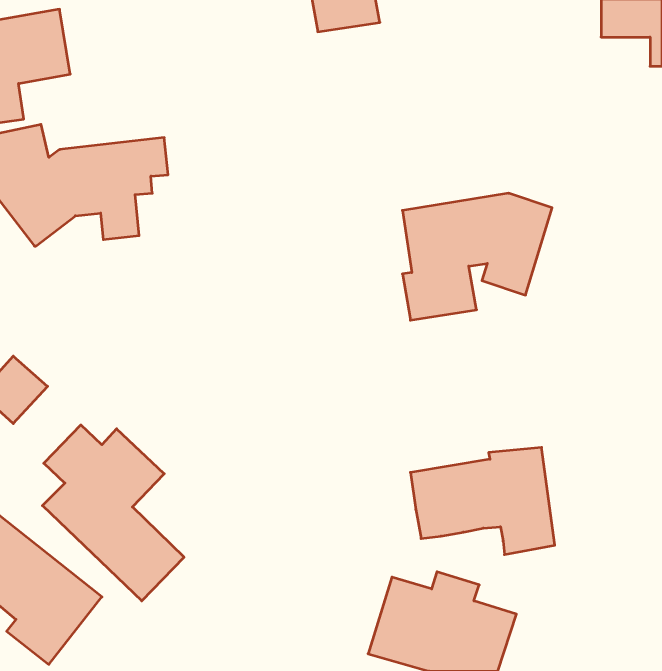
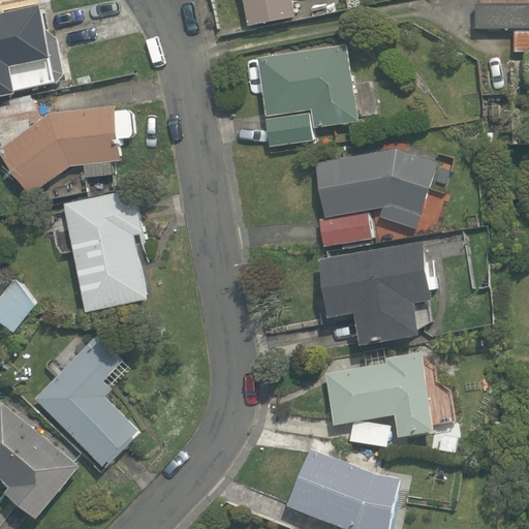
building: none -> [256,50,355,134]
building: none -> [49,188,149,312]
building: none -> [321,246,433,346]

